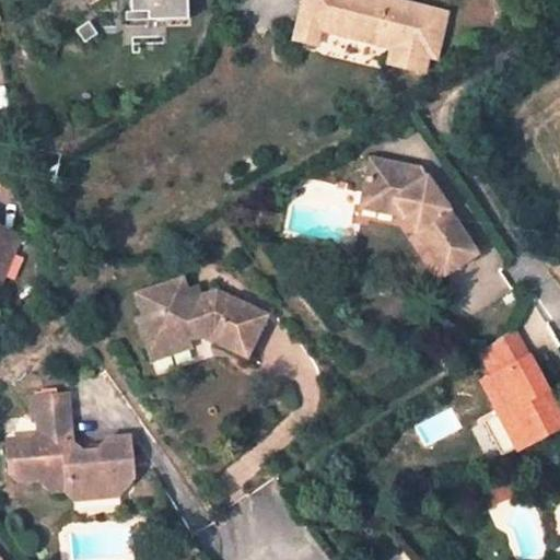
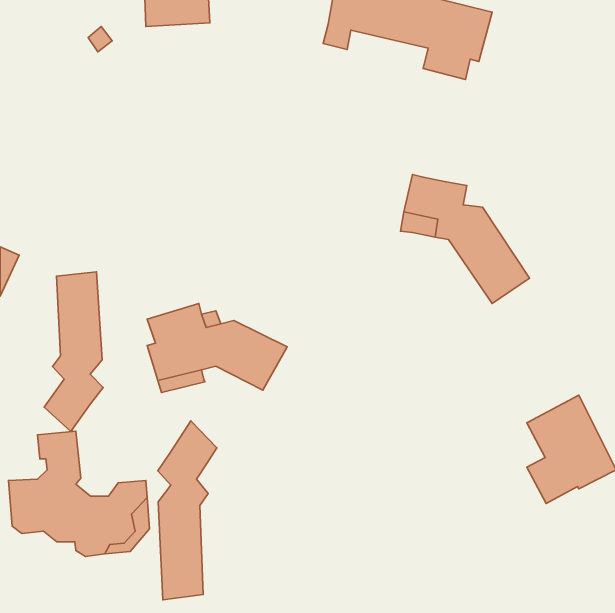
building: none -> [44,272,103,432]
building: [467,328,526,384] -> none
building: none -> [158,421,217,600]

